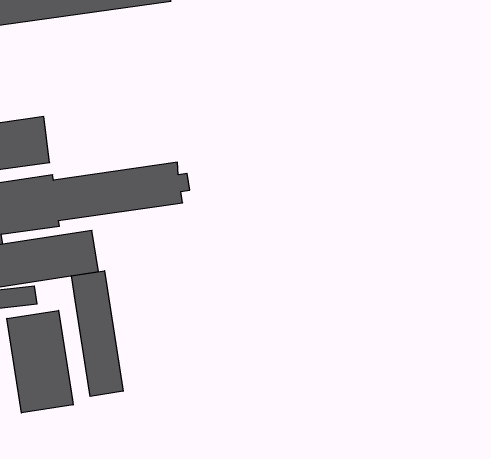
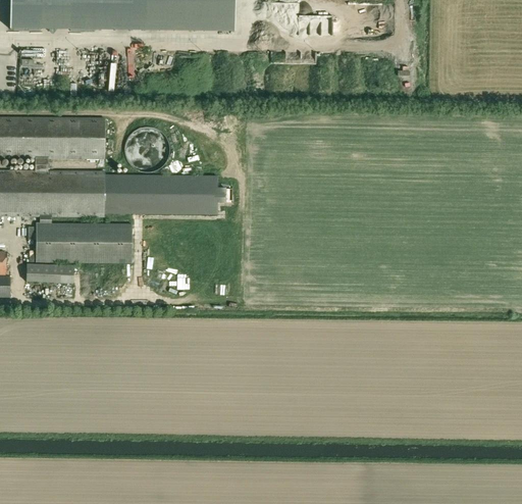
building: [72,271,123,396] -> none
building: [7,310,73,413] -> none

